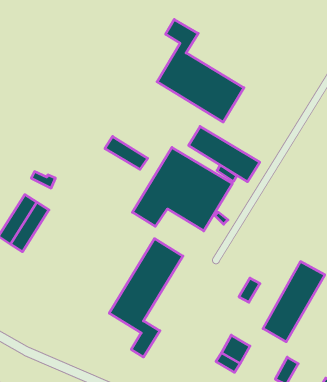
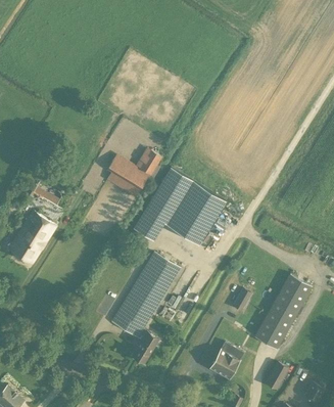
building: [157,19,244,122] -> none
building: [189,126,260,182] -> none
building: none -> [135,148,161,176]

